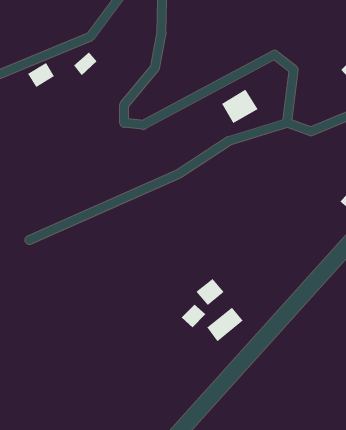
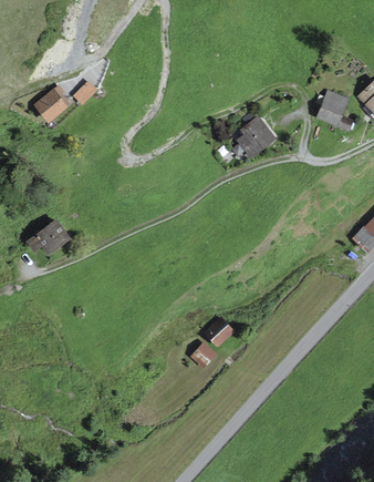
building: none -> [315,91,345,125]
building: none -> [31,219,69,255]
building: [206,307,243,342] -> none

